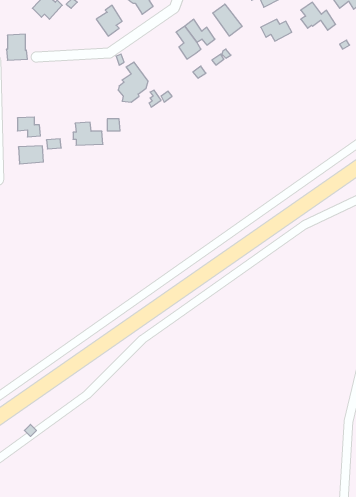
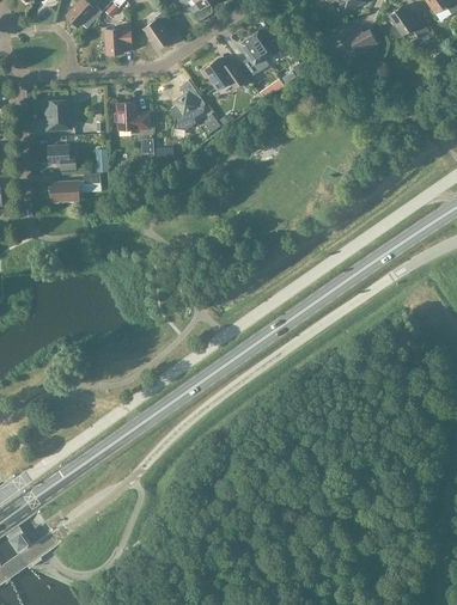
building: [213,4,242,36] -> none
building: none -> [105,24,132,53]
building: [6,34,27,60] -> [45,98,71,129]
building: none -> [201,57,245,88]
building: [73,122,103,145] -> [114,100,150,128]

